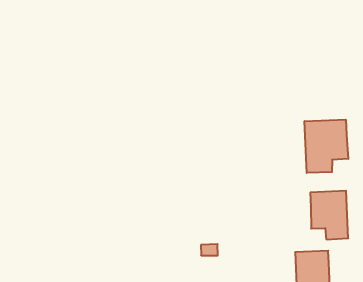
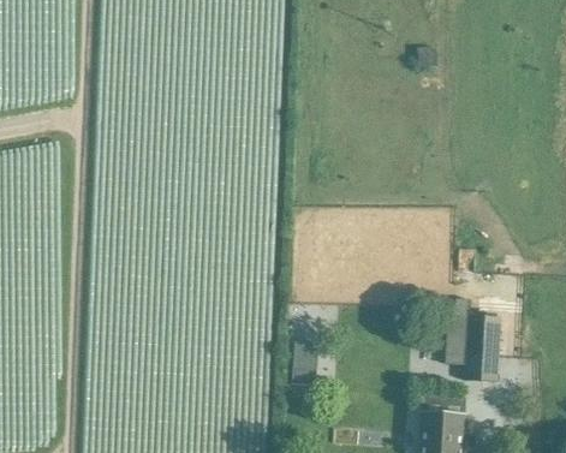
building: [305,120,348,173] -> none

